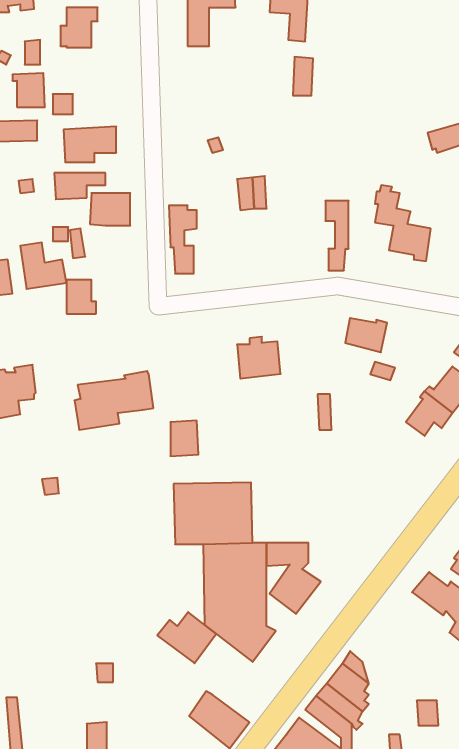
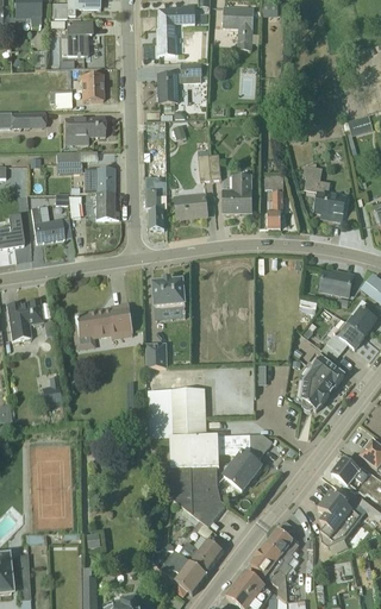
building: none -> [158,63,207,102]
building: [12,73,45,107] -> [79,74,104,100]
building: none -> [223,175,252,214]
building: none -> [175,194,207,218]
building: [67,280,96,314] -> [96,193,119,219]
building: [345,318,387,352] -> [320,271,352,297]
building: [237,337,281,379] -> [154,278,187,310]
building: none -> [300,356,344,413]
building: [157,612,216,663] -> [179,535,224,575]
building: none -> [318,492,362,547]

